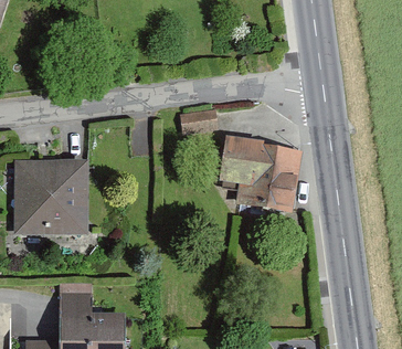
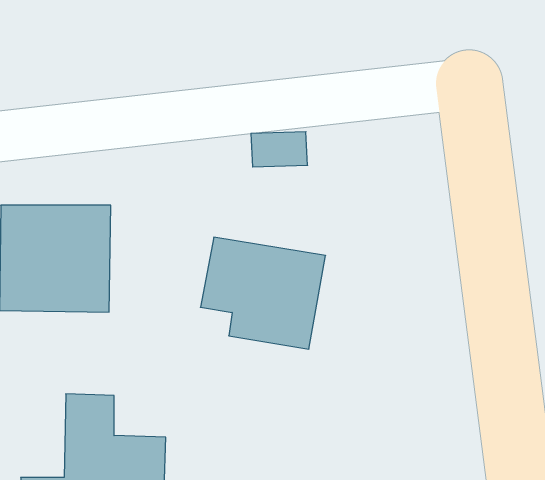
building: [219,136,302,210] -> [200,237,326,349]

